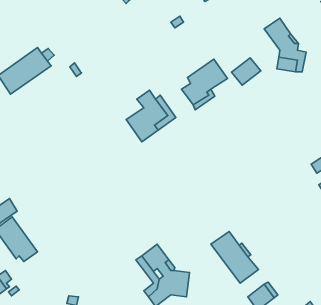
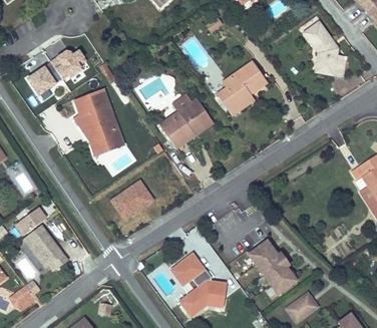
building: [232,58,261,85] -> none
building: none -> [73,87,125,154]
building: none -> [110,180,155,222]

